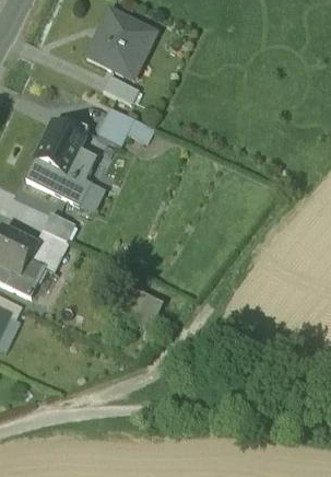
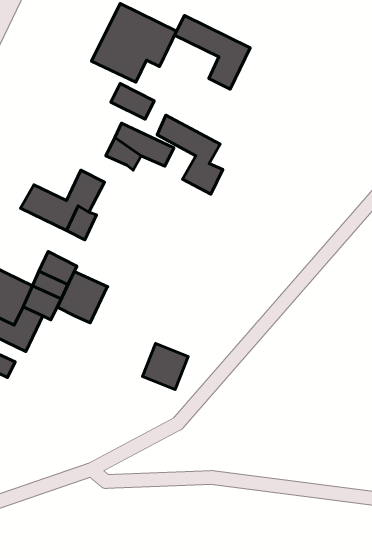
building: none -> [175,16,250,89]
building: none -> [157,115,223,194]
building: [37,120,87,171] -> none
building: none -> [58,272,108,323]

